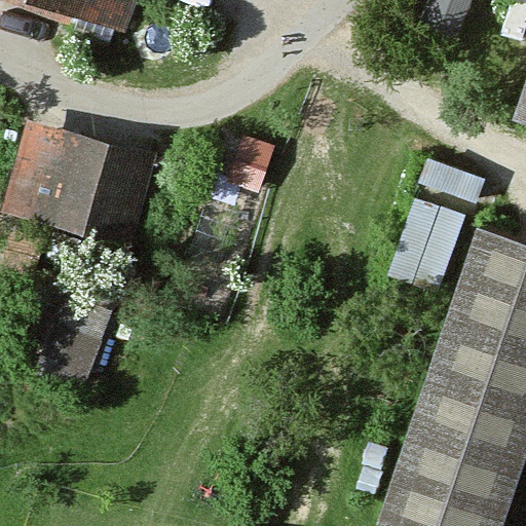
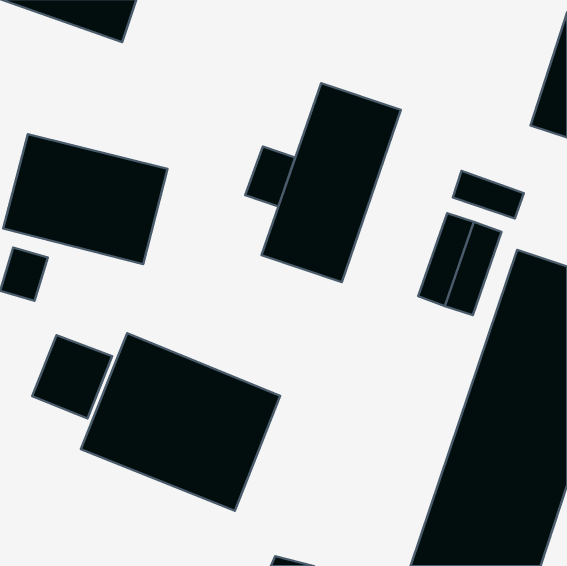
building: none -> [262,83,401,282]
building: none -> [81,333,280,511]

